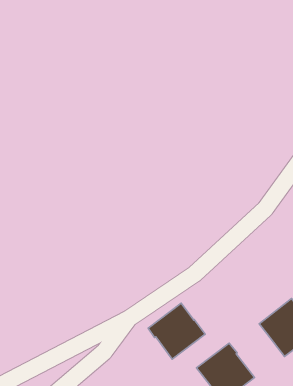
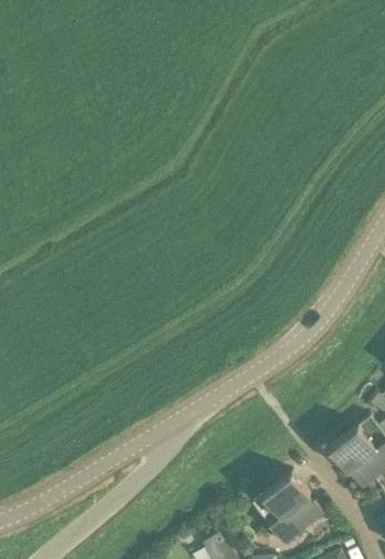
building: [148,303,205,359] -> none

